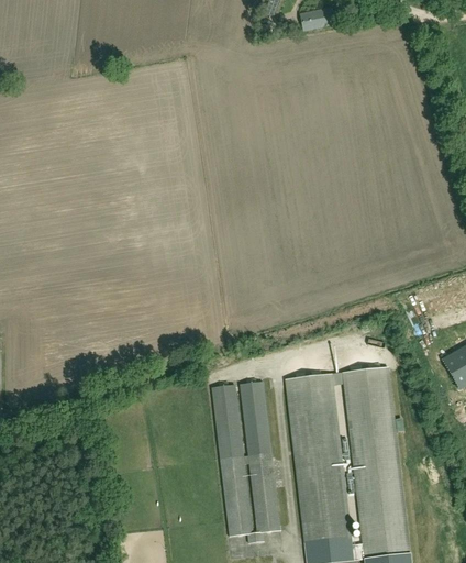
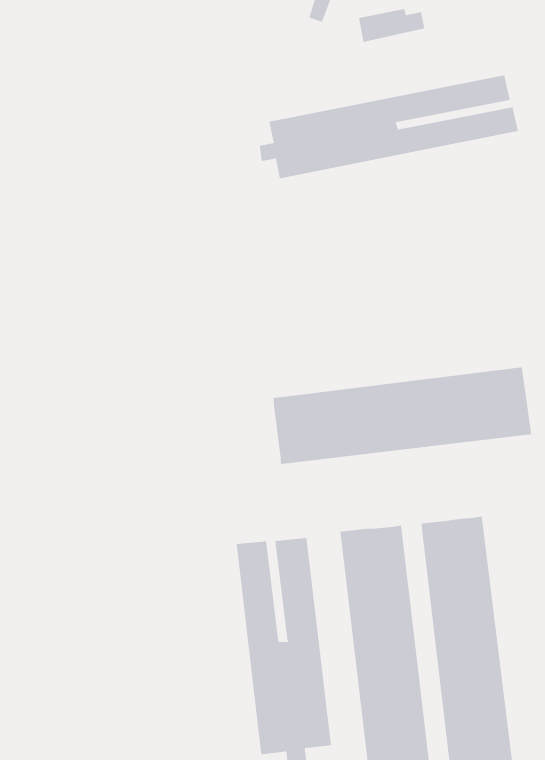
building: none -> [259,74,518,179]
building: none -> [273,366,532,465]

